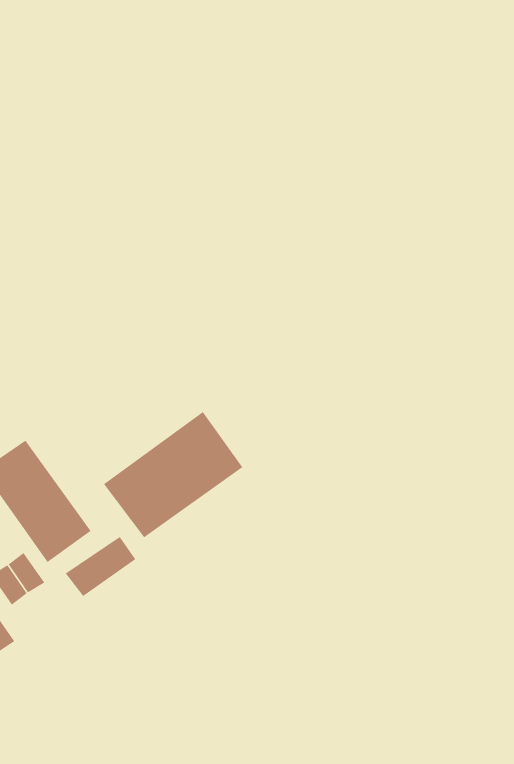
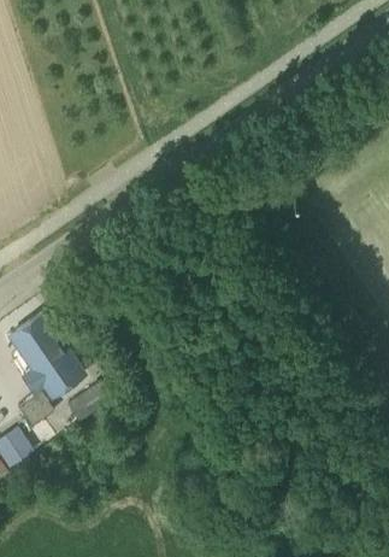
building: [103,411,243,538] -> none

